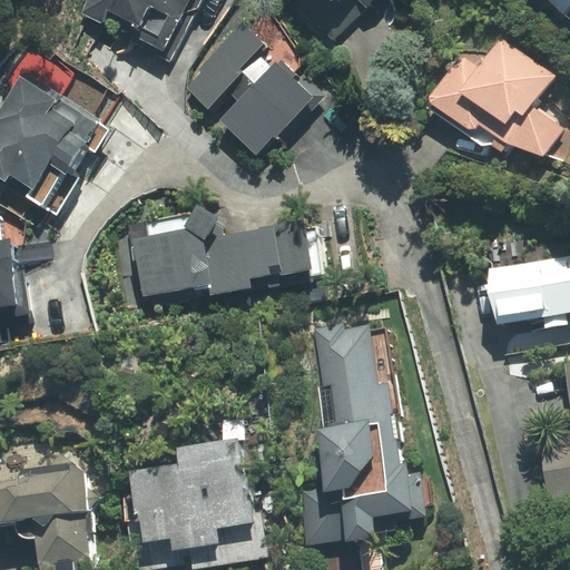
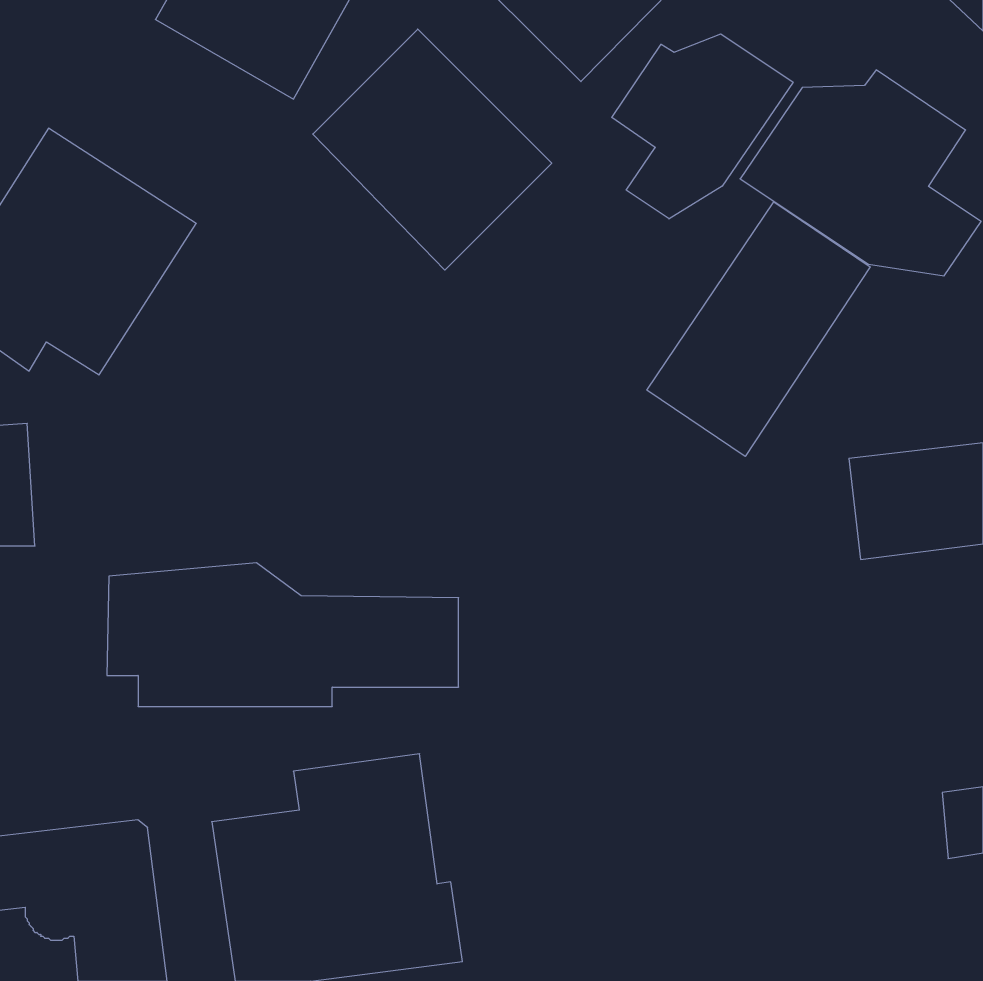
building: none -> [612,34,793,219]
building: none -> [647,202,870,456]
building: [122,210,324,293] -> [107,563,459,706]
building: [301,311,412,544] -> none

